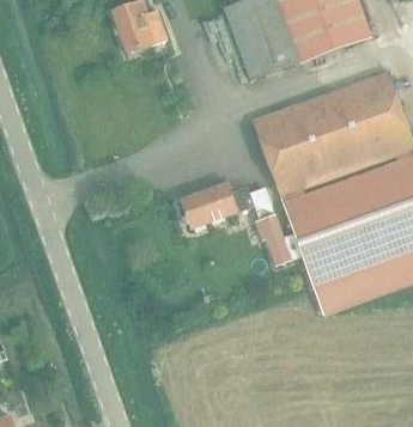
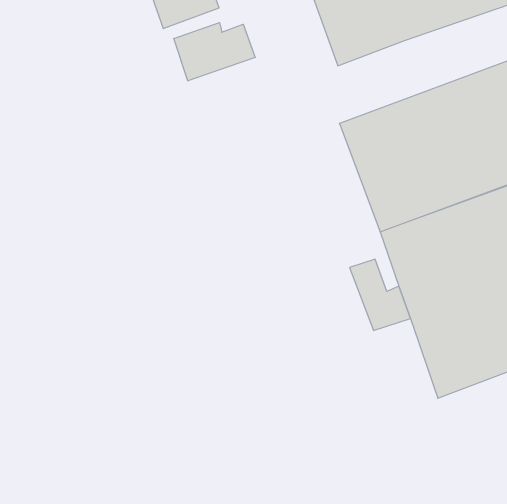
building: none -> [174,23,255,81]
building: [180,183,255,230] -> none

